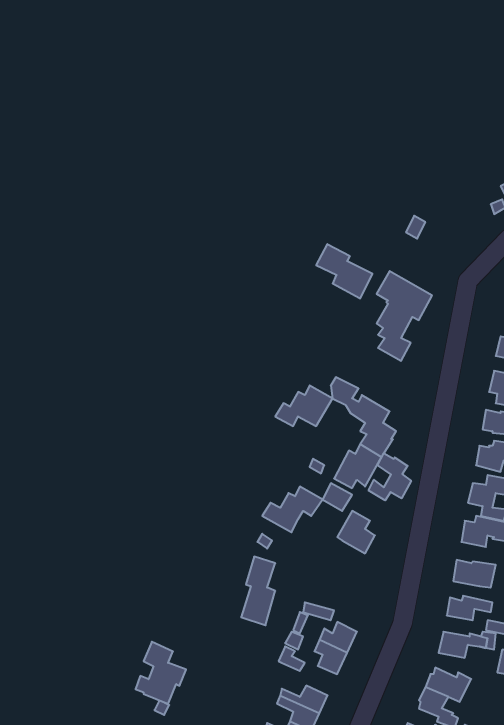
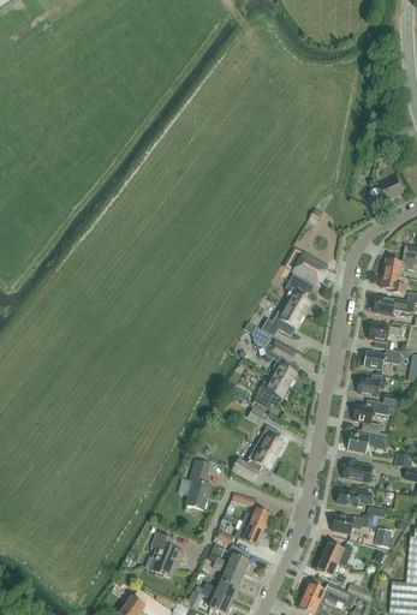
building: [316,244,372,299] -> none
building: [275,385,332,426] -> [261,305,303,335]
building: [369,453,411,500] -> none
building: [262,487,323,532] -> [232,447,276,480]
building: [135,642,186,704] -> [145,531,183,577]

